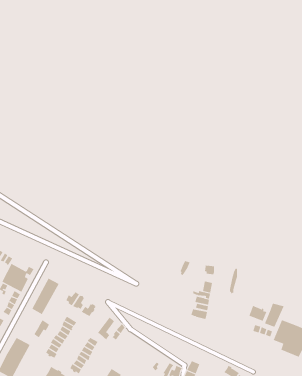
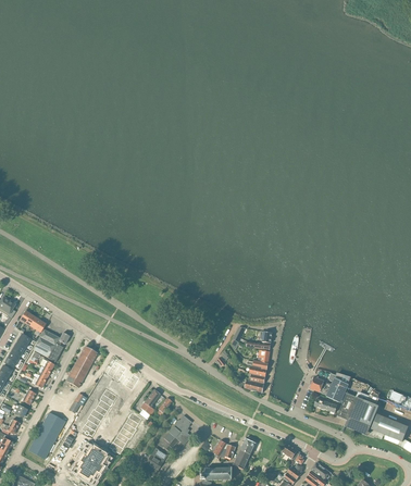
building: none -> [164,414,191,451]

